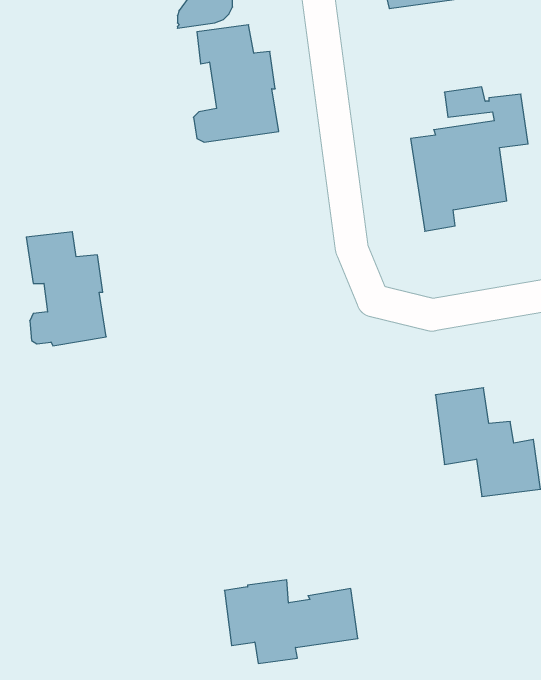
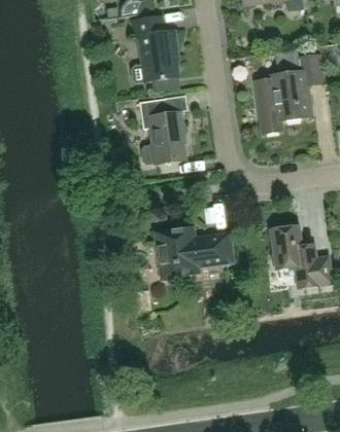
building: [26,232,106,346] -> [140,98,186,164]
building: [224,580,358,663] -> [157,227,234,276]

